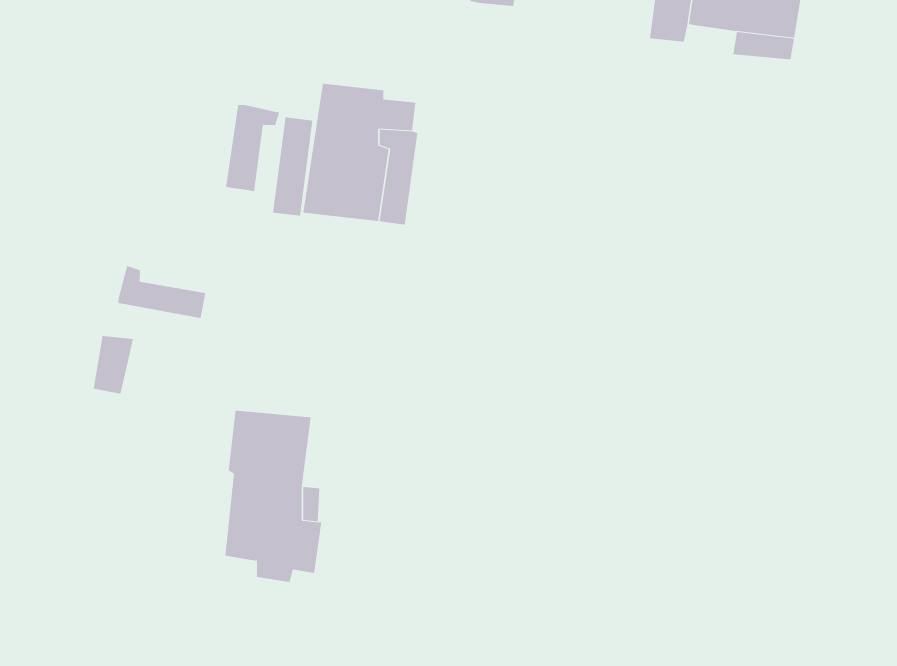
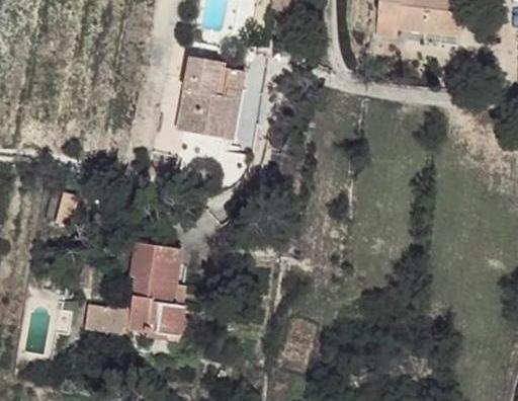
building: [226,104,280,192] -> none
building: [118,265,206,319] -> none
building: none -> [88,308,125,335]

